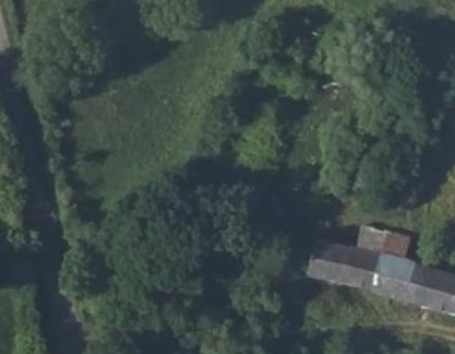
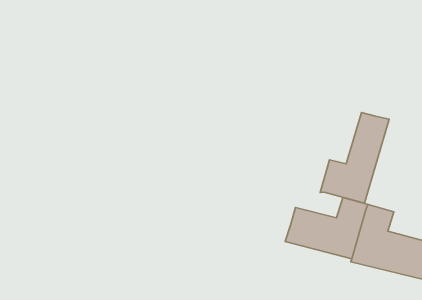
building: none -> [320,112,389,203]

